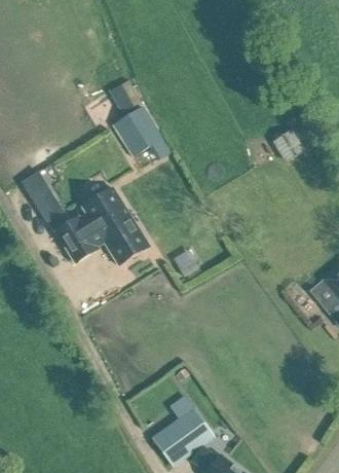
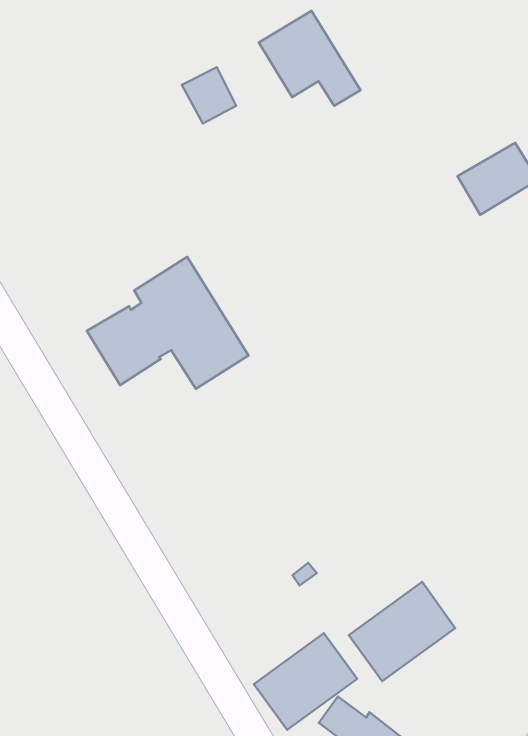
building: [111,105,171,160] -> [259,11,361,106]
building: [23,166,62,220] -> none
building: none -> [349,582,455,681]

